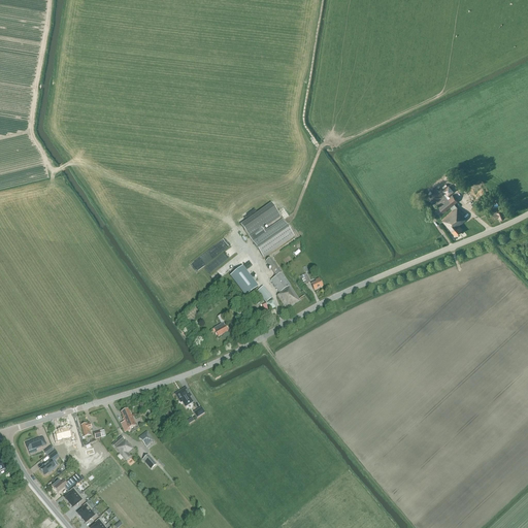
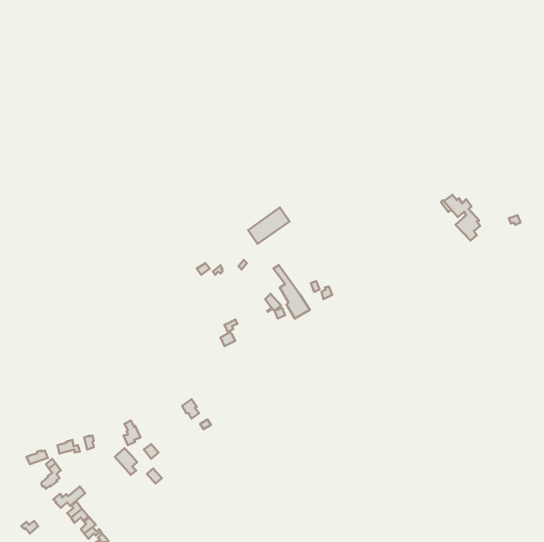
building: [250,218,294,256] -> none
building: [229,265,258,296] -> none

